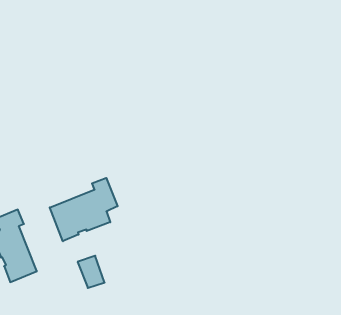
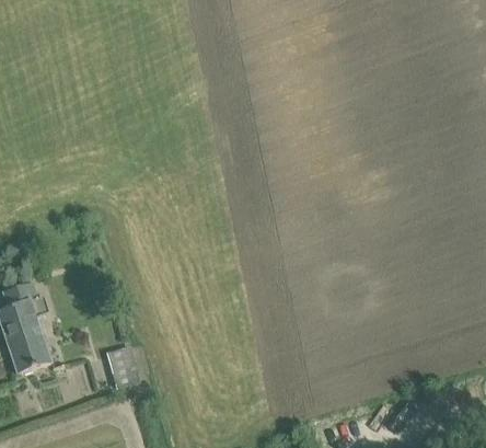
building: [50,178,118,241] -> none

